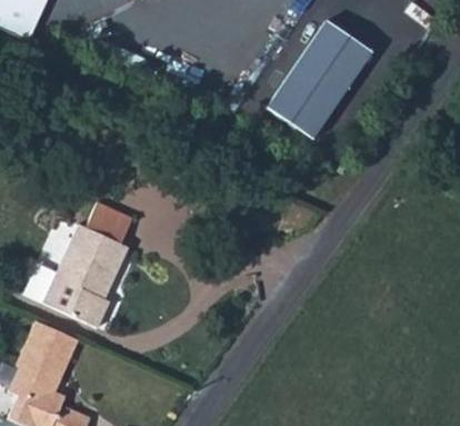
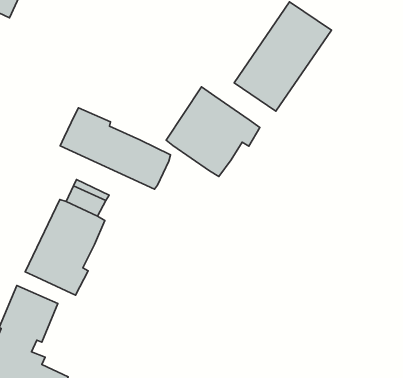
building: none -> [166,87,260,176]
building: none -> [60,108,171,189]

